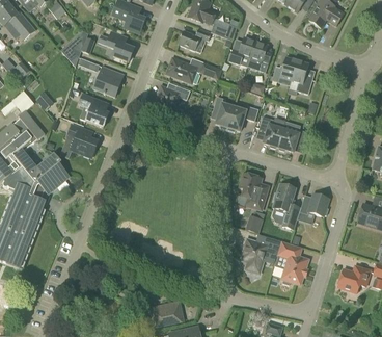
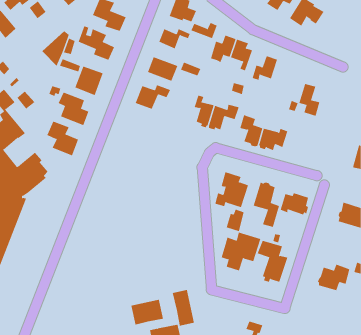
building: [291,60,312,94] -> [298,83,320,117]
building: none -> [172,289,194,327]

